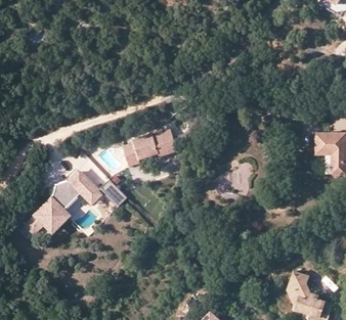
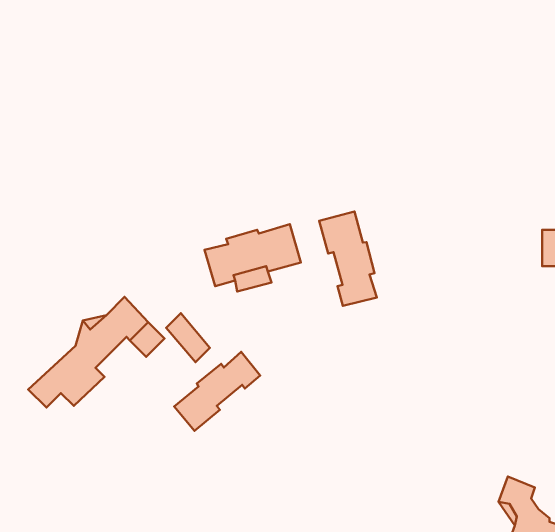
building: none -> [319,211,377,306]
building: none -> [174,352,260,431]

